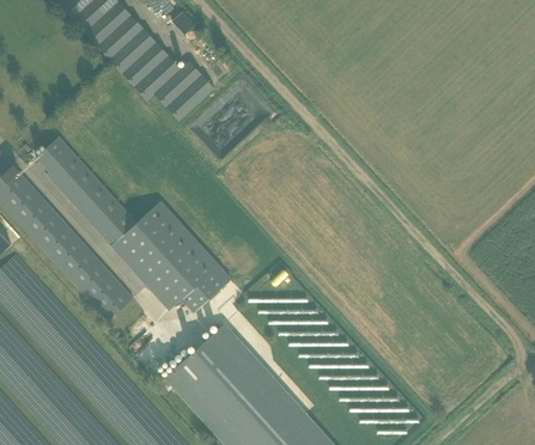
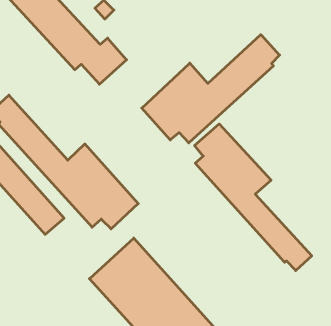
building: none -> [142,35,280,143]
building: none -> [195,124,312,271]

